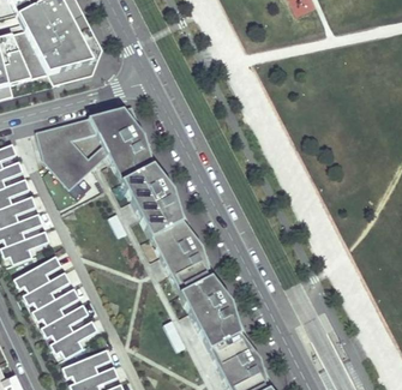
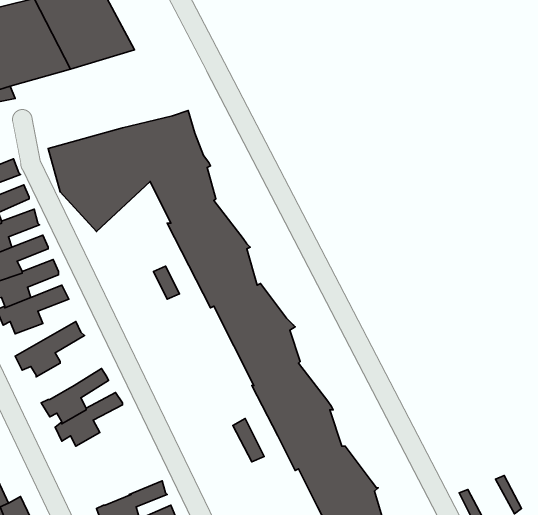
building: [22,270,70,307] -> none
building: [49,318,98,356] -> none
building: [61,346,112,380] -> none

